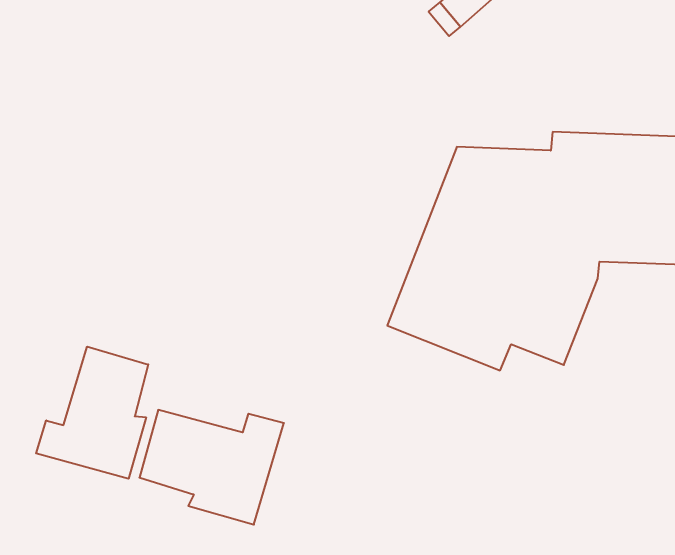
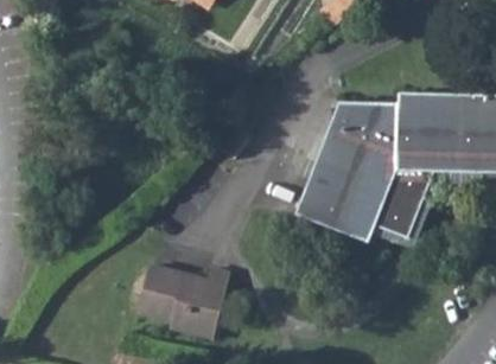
building: [36,347,148,479] -> none

